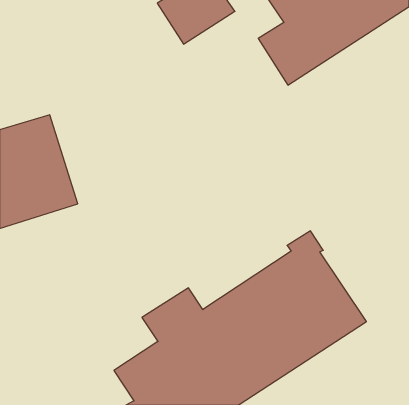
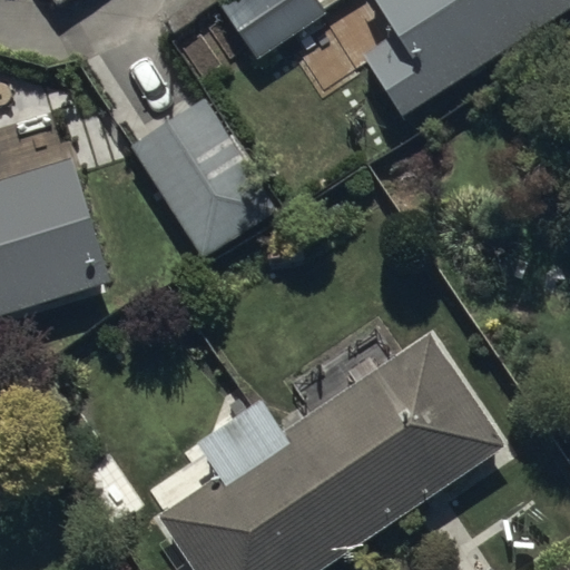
building: none -> [130,96,277,257]

